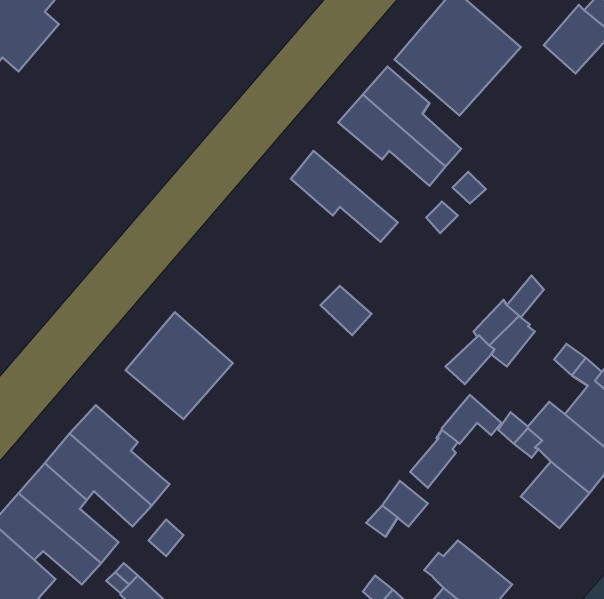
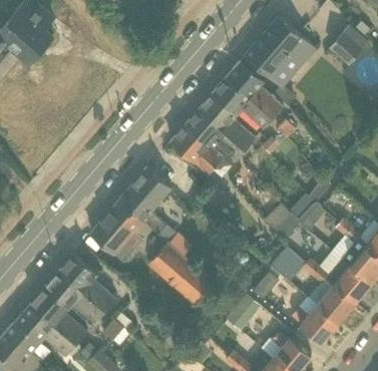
building: none -> [198,93,255,150]
building: none -> [169,125,223,175]
building: none -> [118,168,171,236]
building: none -> [148,243,215,306]
building: none -> [292,299,338,345]

